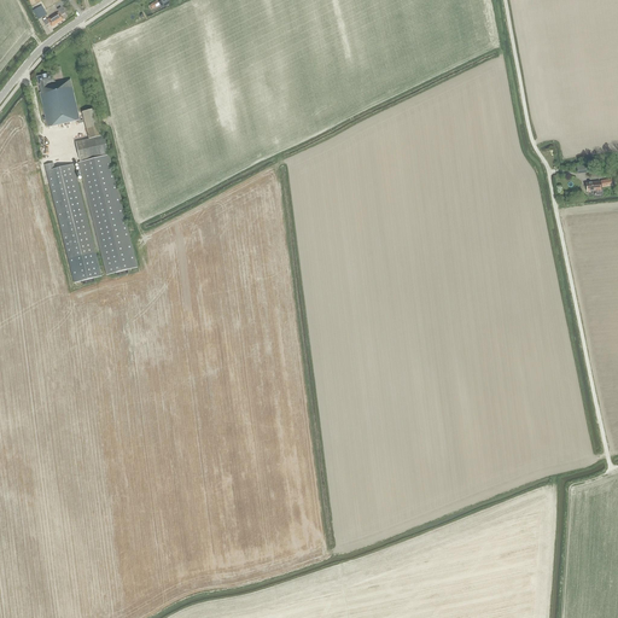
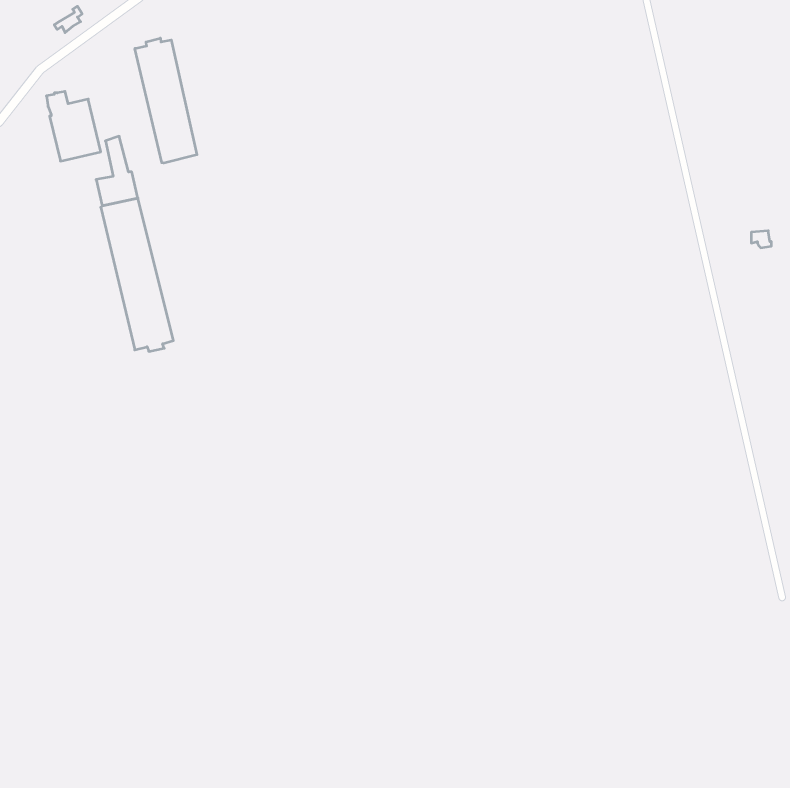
building: none -> [135,38,197,163]
building: [43,161,100,284] -> none

